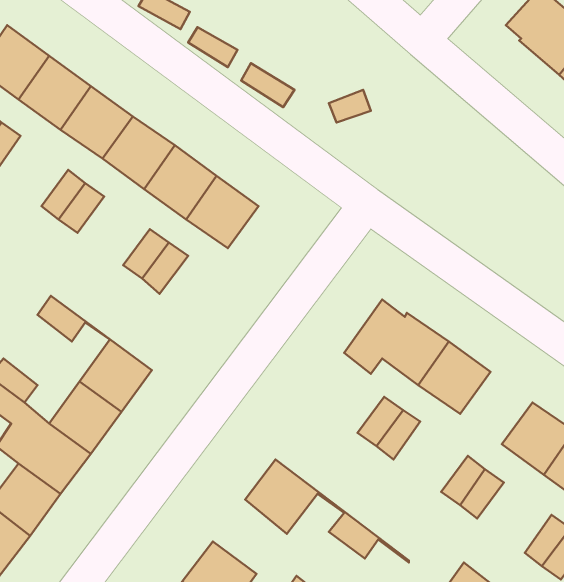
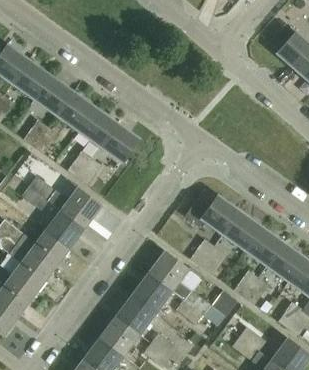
building: none -> [30,177,100,226]
building: none -> [245,227,283,265]
building: none -> [148,251,225,326]
building: none -> [115,294,154,333]

